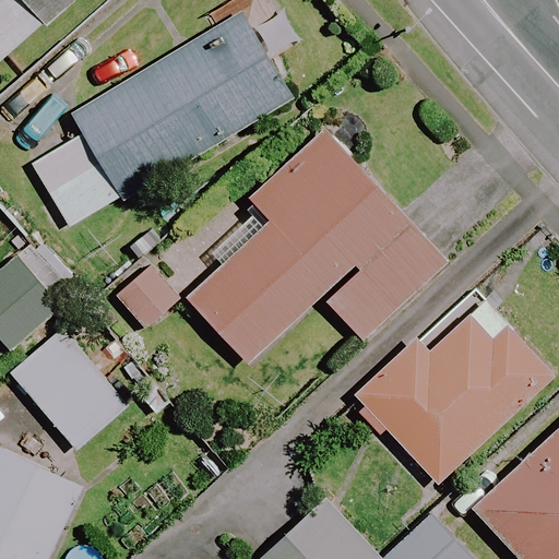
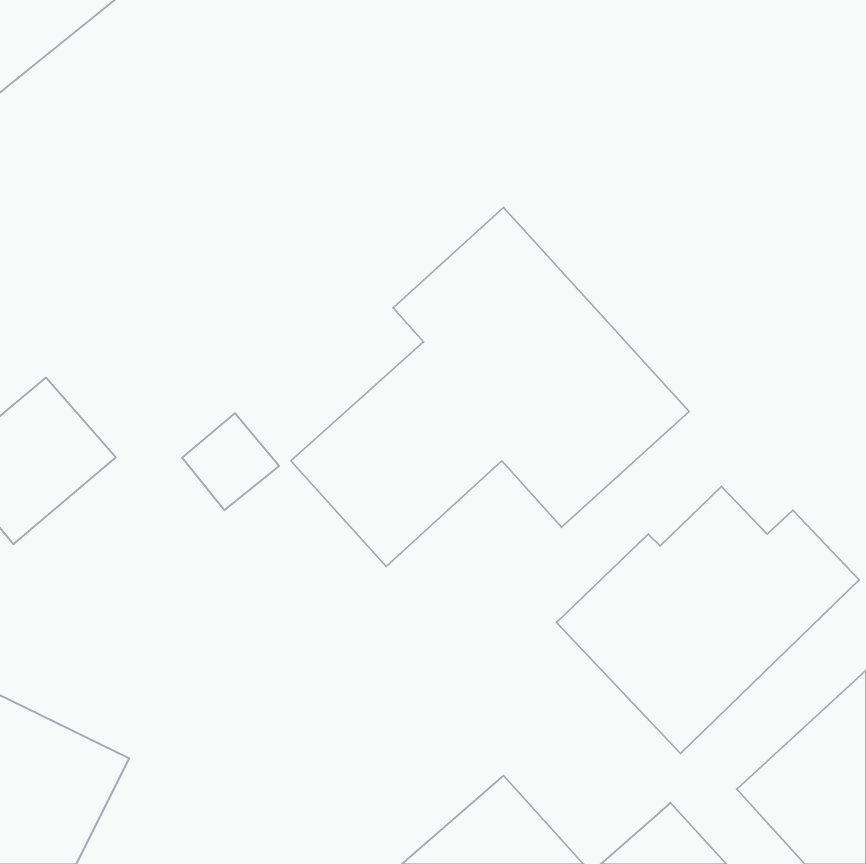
building: [29,12,292,229] -> none
building: [10,328,128,449] -> none

